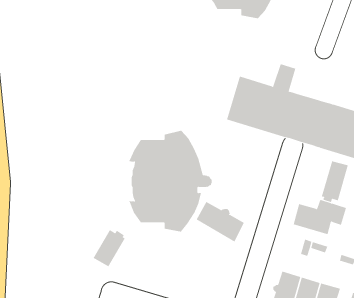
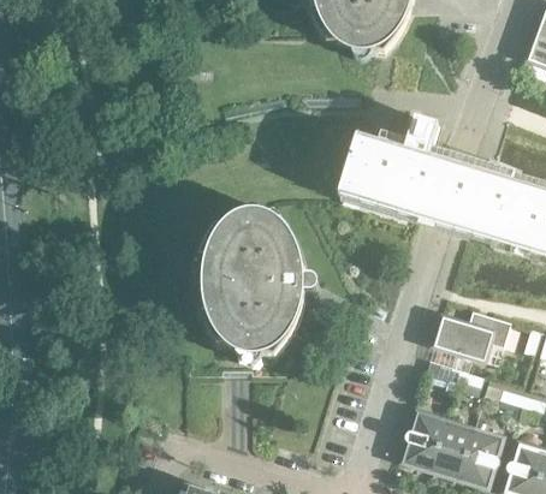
building: [321,160,348,203] -> none
building: [196,201,245,242] -> none
building: [93,229,126,267] -> none

